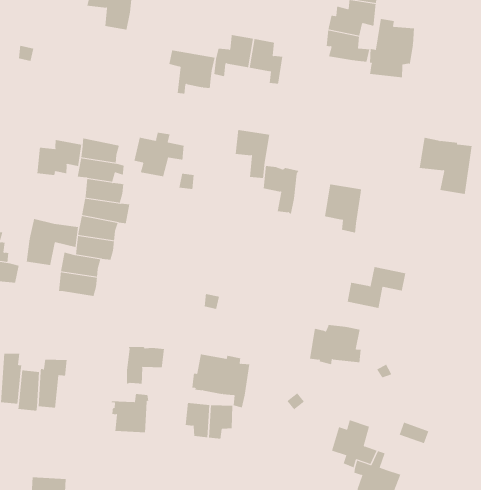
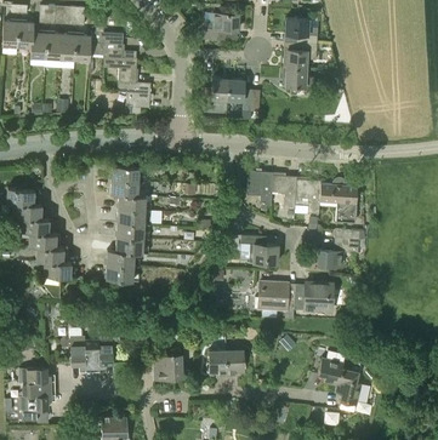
building: [369,18,415,78] -> none
building: [168,50,216,94] -> [118,81,152,113]
building: [235,130,270,179] -> [272,175,296,208]
building: [134,132,184,177] -> none
building: [419,137,472,195] -> [319,183,357,222]
building: [37,139,82,176] -> none
building: [26,218,78,266] -> none
building: none -> [240,235,278,263]
building: [126,346,165,385] -> none
building: [192,354,250,408] -> [255,281,296,319]

